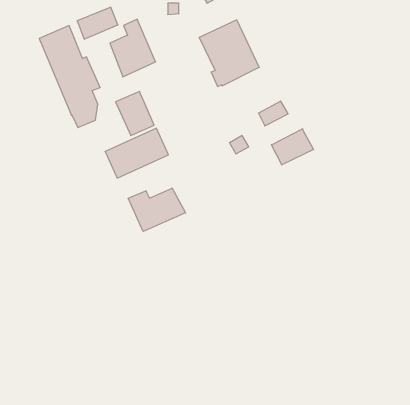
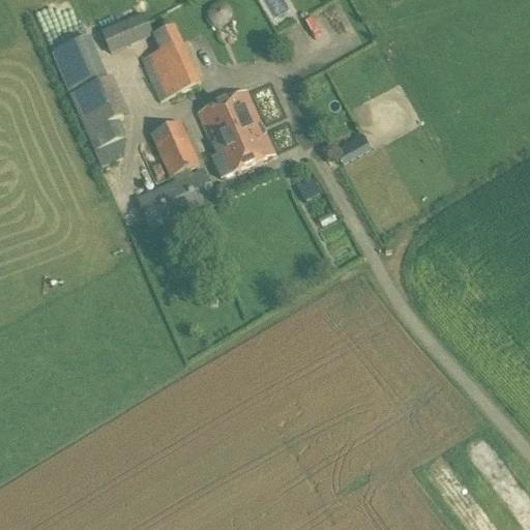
building: [199,20,259,87] -> [197,89,274,175]
building: [271,129,313,165] -> none
building: [128,188,186,231] -> none

